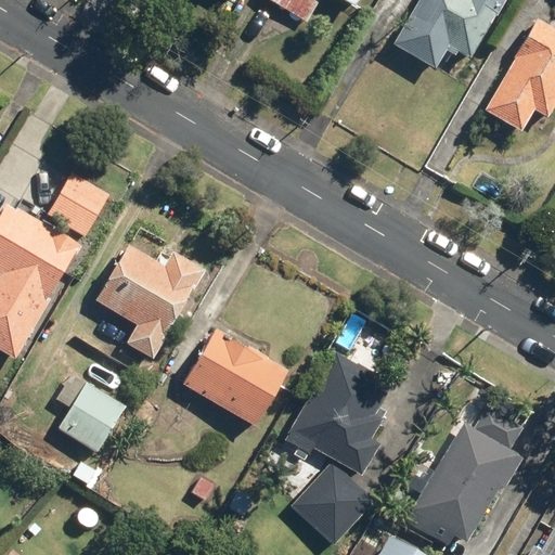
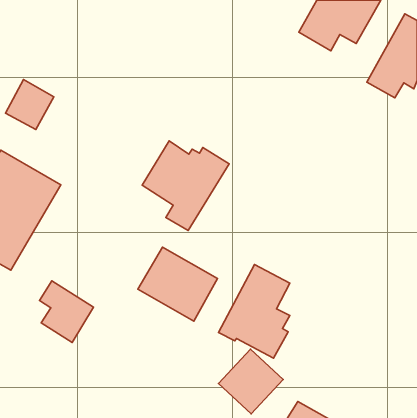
building: [47,170,111,236] -> [5,80,54,130]
building: [93,242,208,360] -> [142,141,229,230]
building: [409,408,525,540] -> none

